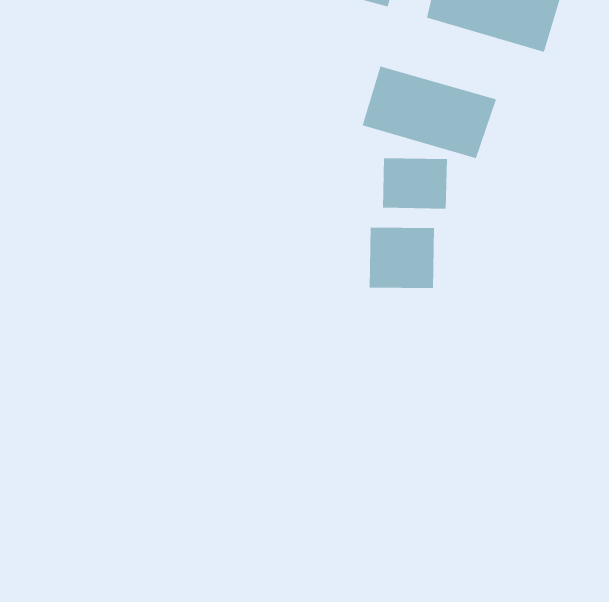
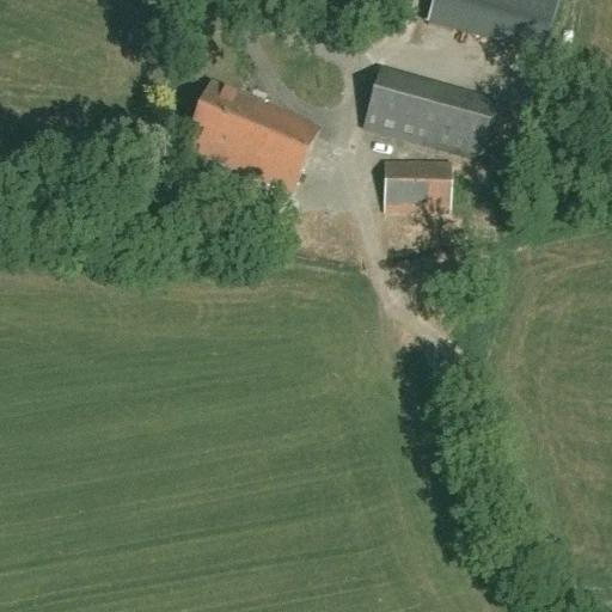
building: none -> [183,80,318,191]
building: [369,227,435,289] -> none

